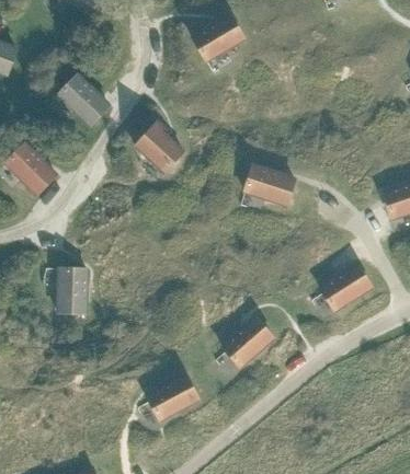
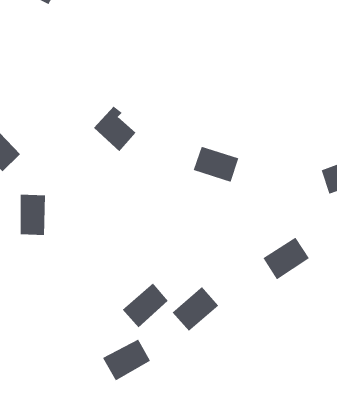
building: [192,14,243,61] -> none
building: [57,74,109,125] -> none
building: [58,268,87,313] -> [20,194,46,236]
building: none -> [122,283,169,328]

